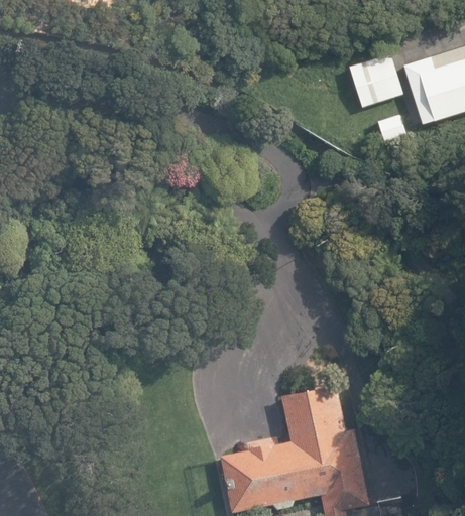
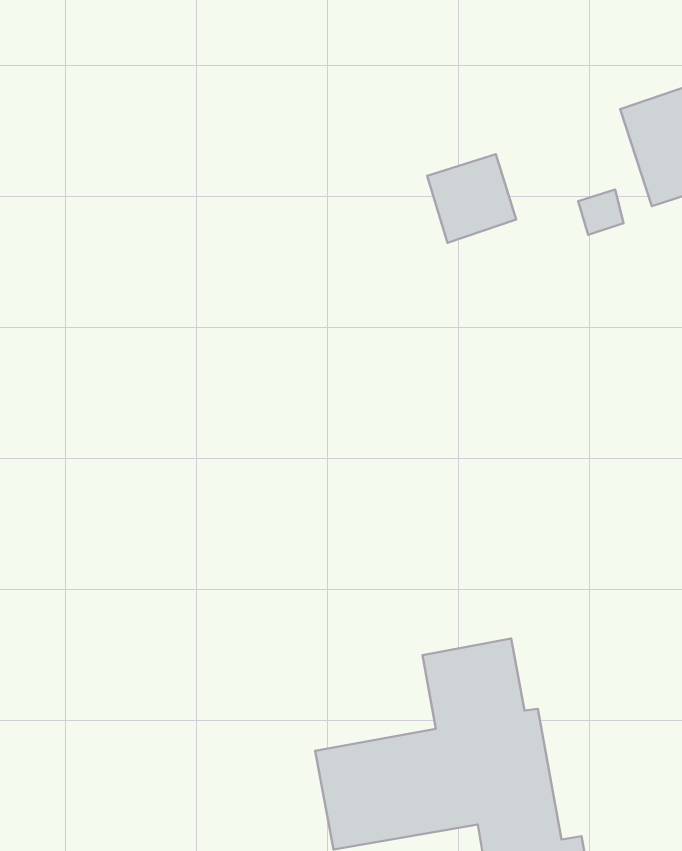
building: [349,54,402,108] -> [427,154,516,243]

